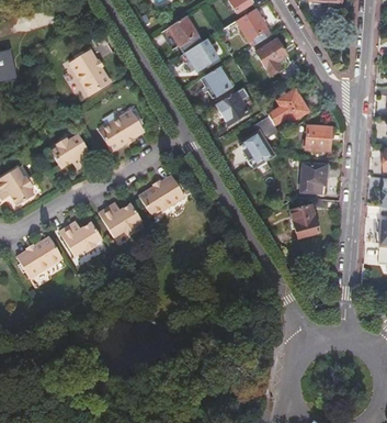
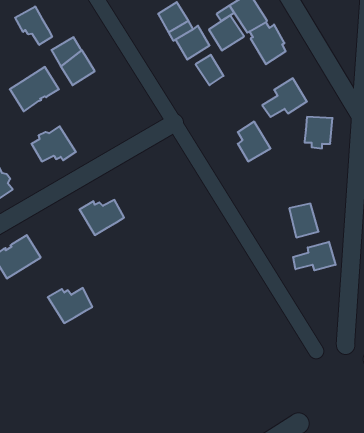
building: none -> [15,6,52,45]
building: [216,91,249,124] -> [209,15,244,50]
building: [98,110,144,152] -> [10,67,59,111]
building: [300,163,327,193] -> none
building: [136,176,182,215] -> none
building: [56,221,98,254] -> [48,288,92,323]
building: none -> [293,242,336,270]

